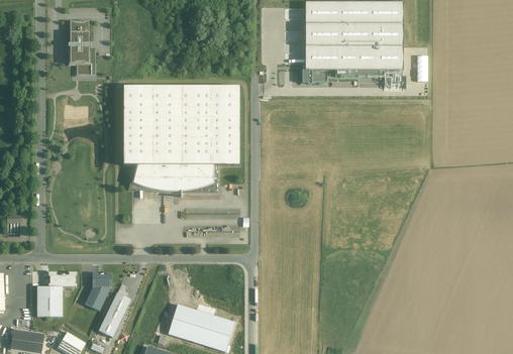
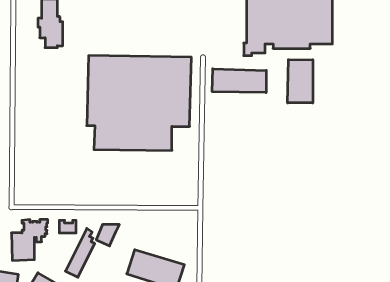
building: none -> [288,60,313,103]
building: none -> [212,69,266,93]
building: [84,284,110,309] -> [96,225,119,246]

